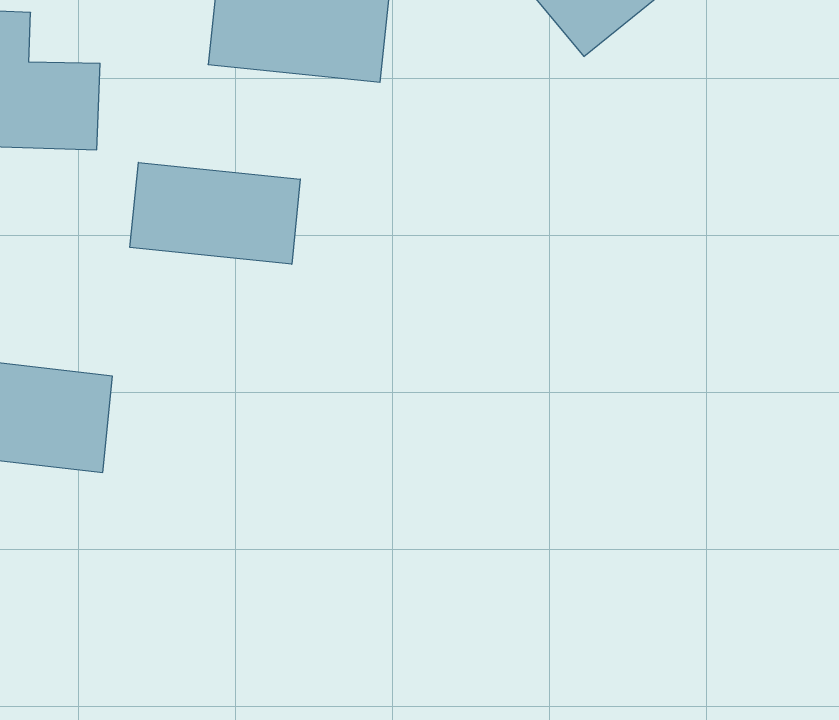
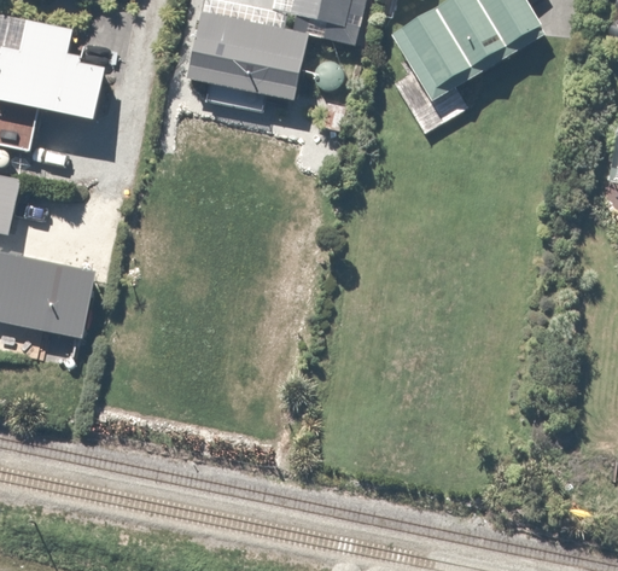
building: [130,162,300,264] -> none

